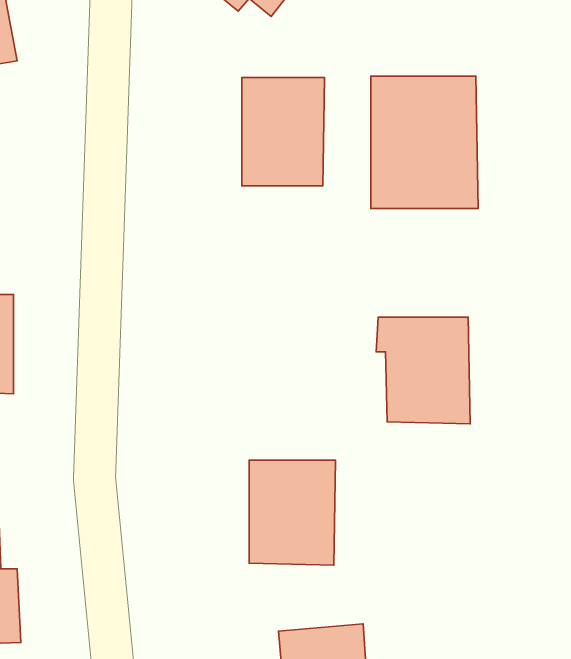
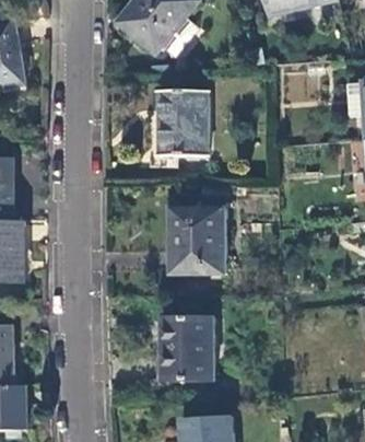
building: [371,76,478,208] -> none
building: [376,317,470,424] -> [169,209,225,272]

